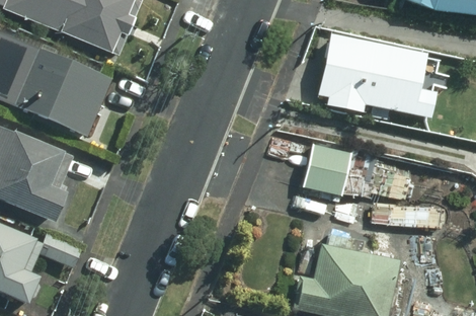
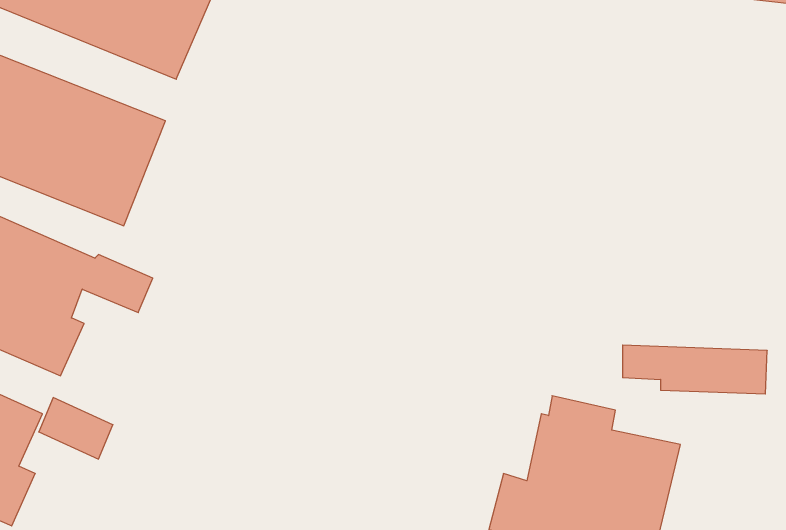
building: [320,32,414,110] -> none
building: [304,143,378,196] -> none

